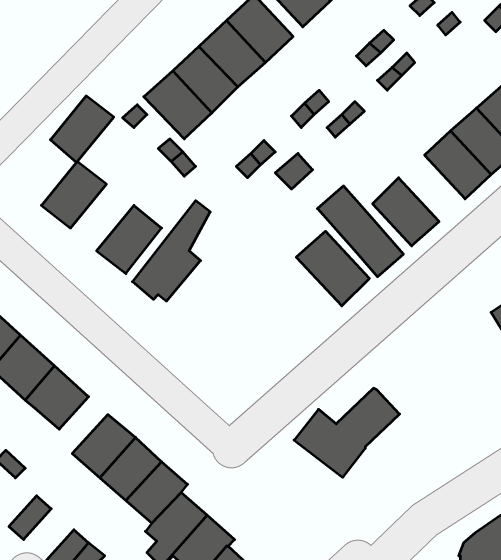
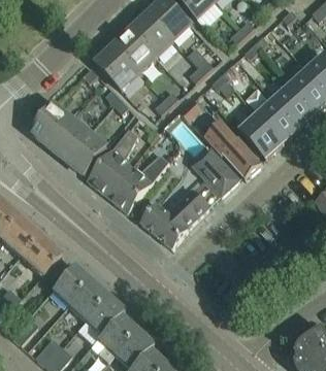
building: [50,96,114,162] -> [50,117,90,160]
building: none -> [258,99,300,141]
building: none -> [110,153,169,211]
building: [294,388,400,477] -> [142,190,209,246]

